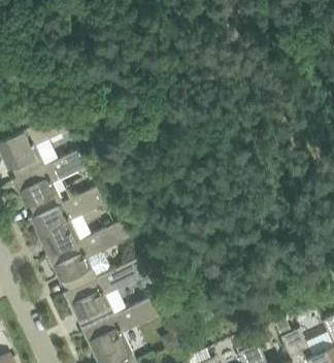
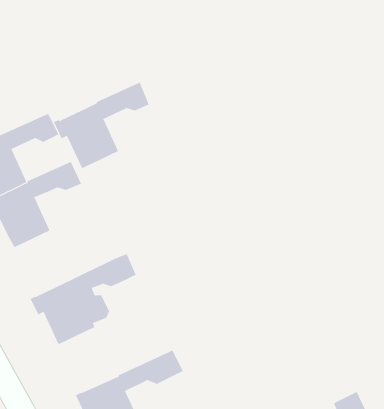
building: [28,189,102,256] -> [53,82,150,169]
building: [63,260,145,330] -> none

